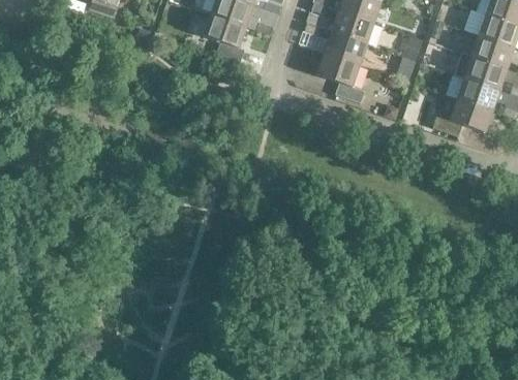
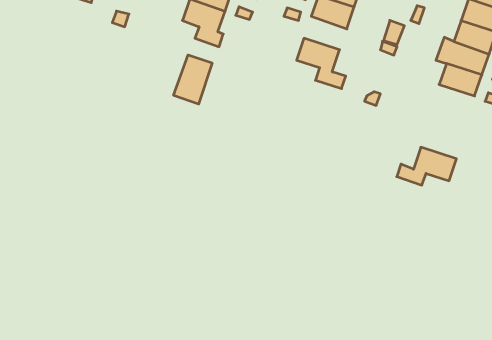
building: [325,29,367,62] -> none
building: none -> [174,55,212,104]
building: [434,96,493,133] -> [397,147,456,185]

